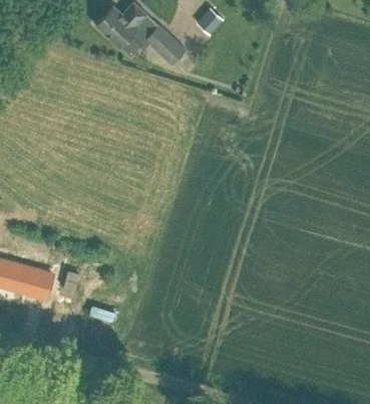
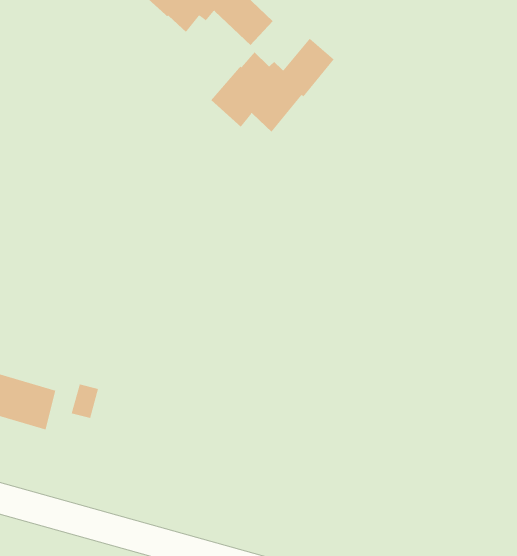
building: none -> [211,38,335,132]

